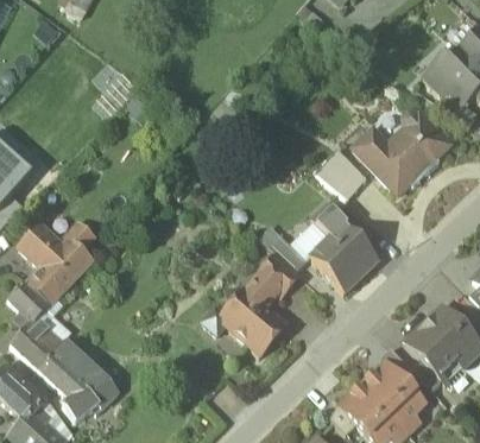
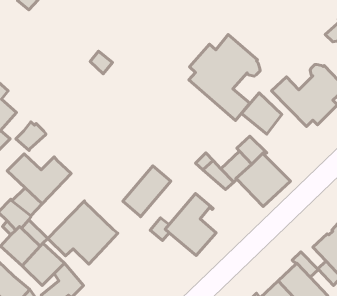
building: none -> [189,35,260,120]
building: none -> [16,122,46,150]
building: none -> [123,166,171,217]
building: [257,253,297,293] -> none
building: none -> [48,201,118,264]

